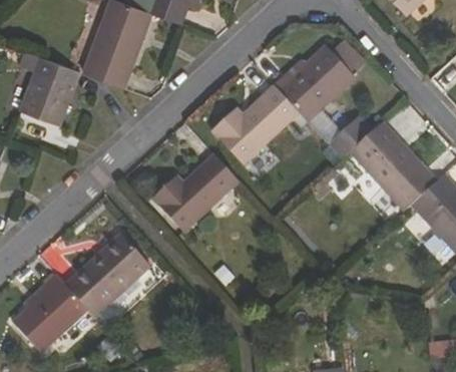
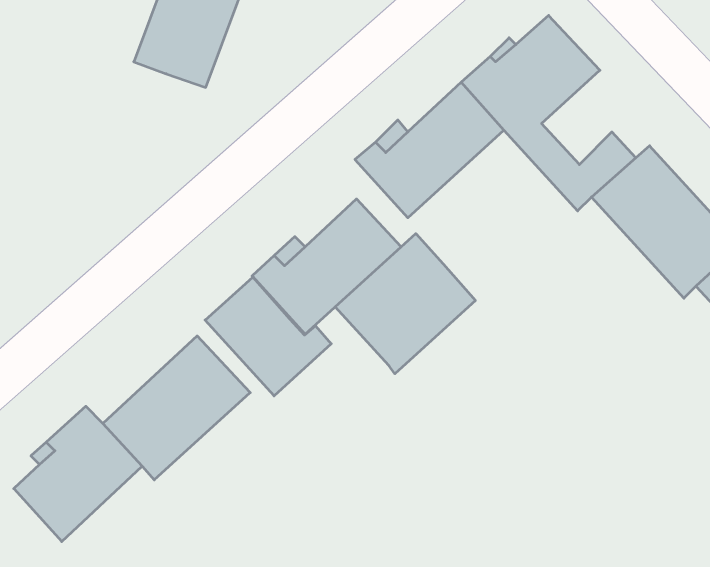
building: [18,56,74,125] -> none
building: none -> [335,234,475,374]
building: none -> [205,277,331,396]

